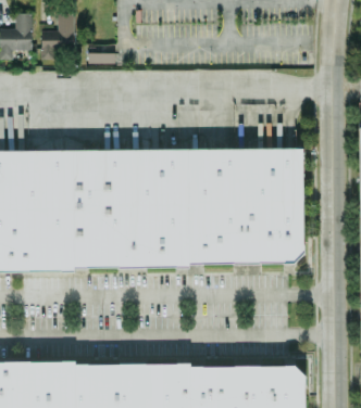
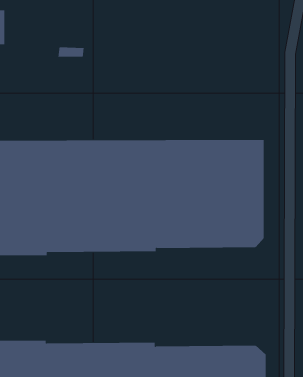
building: [40,14,75,59] -> none

